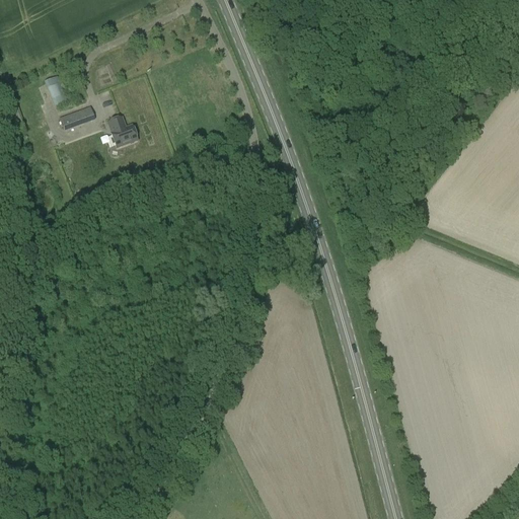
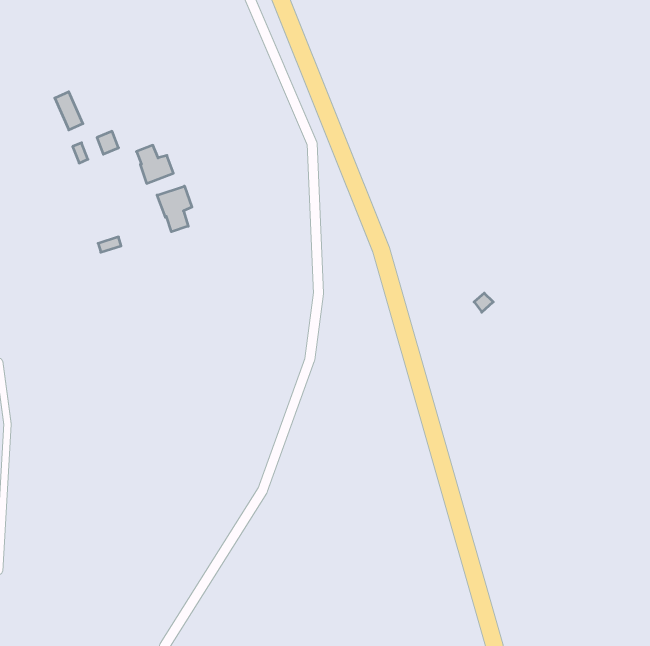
building: none -> [157,186,192,232]

